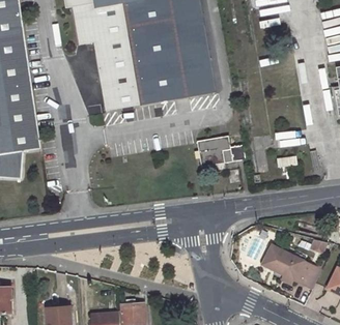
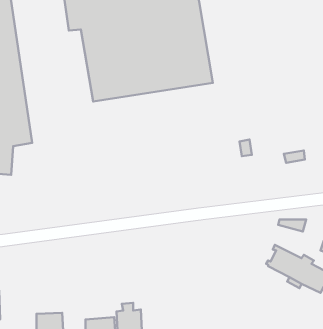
building: [197,135,233,167] -> none

